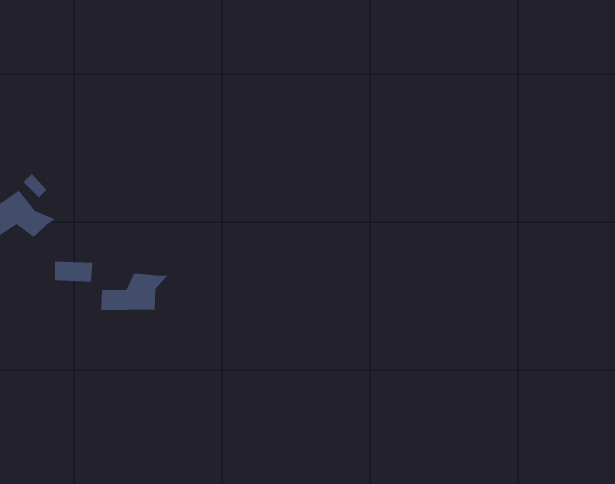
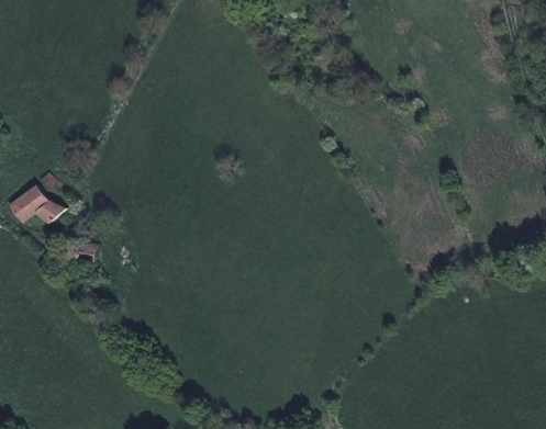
building: [101,273,169,311] -> none

